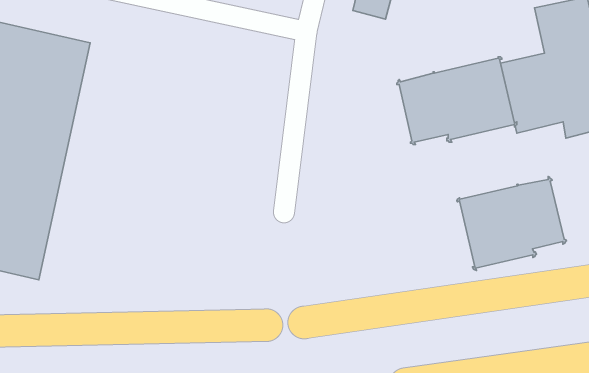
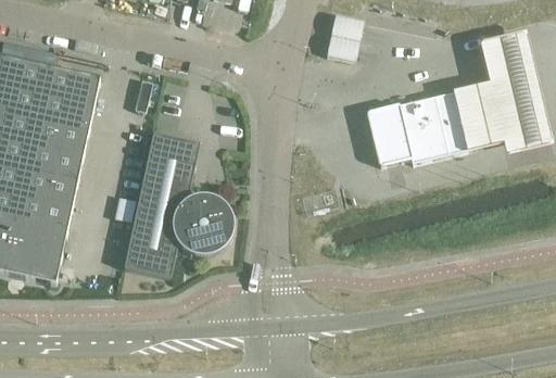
building: none -> [123,129,233,275]
building: [457,177,566,270] -> none

